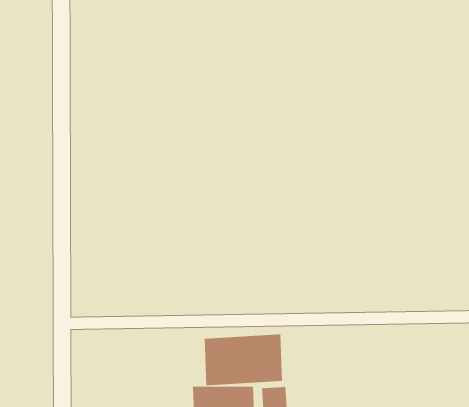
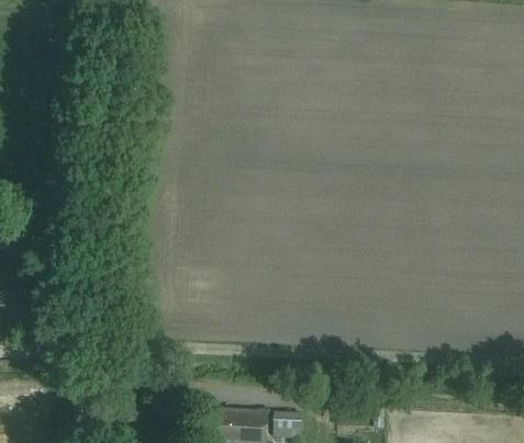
building: [204,333,283,386] -> none

